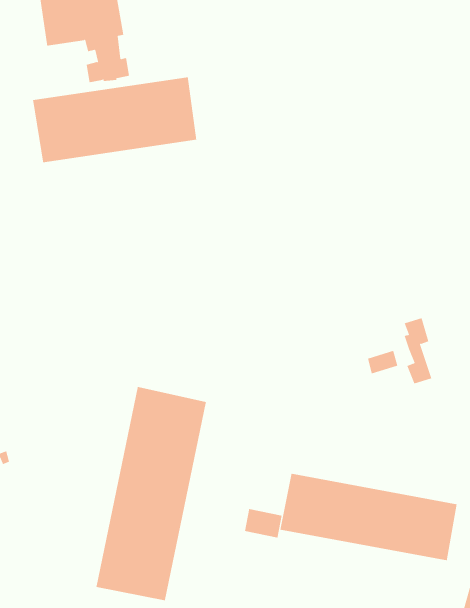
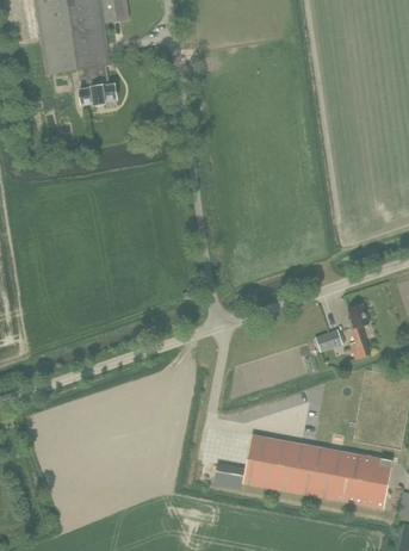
building: [33,77,197,163] -> none
building: [96,386,207,601] -> none

